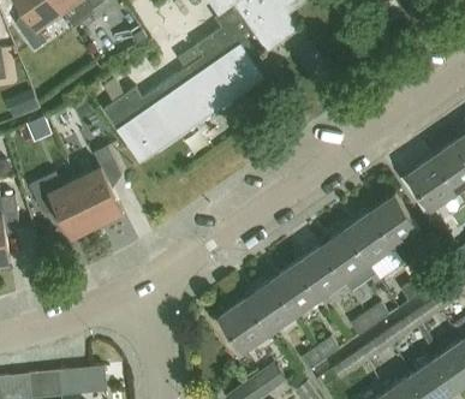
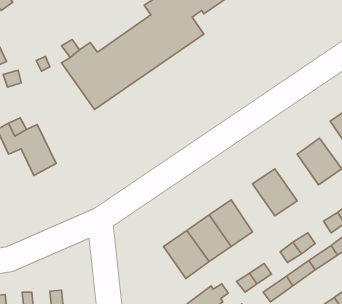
building: [74,148,123,225] -> none
building: [344,214,393,267] -> none
building: [294,248,344,302] -> none

